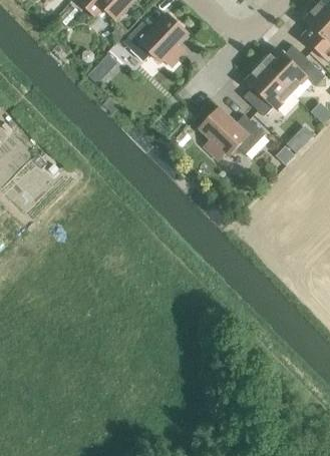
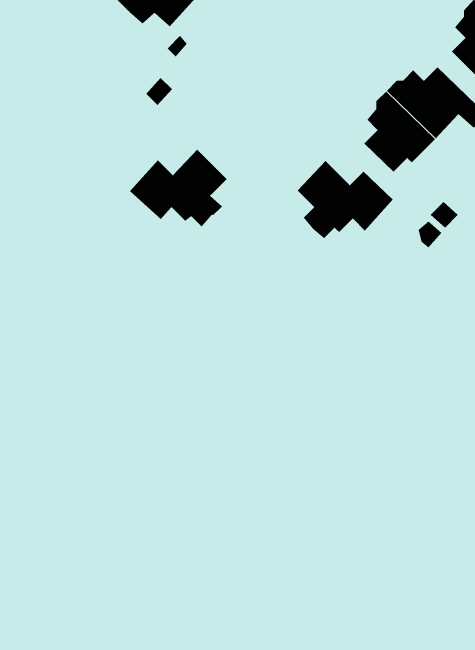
building: [122,13,188,65] -> [129,149,227,228]

